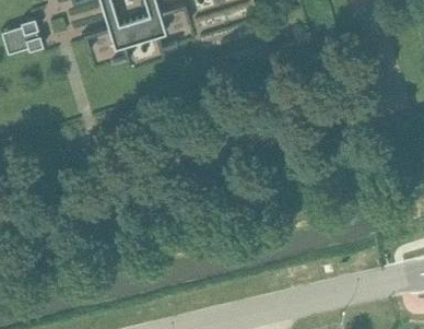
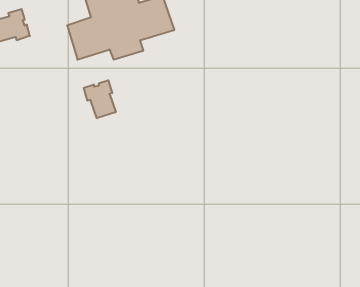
building: none -> [84,80,116,118]

